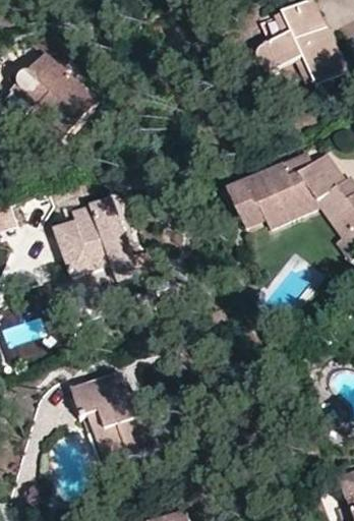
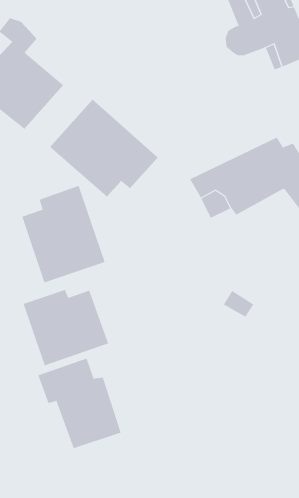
building: none -> [49,99,158,198]
building: none -> [23,289,109,366]

